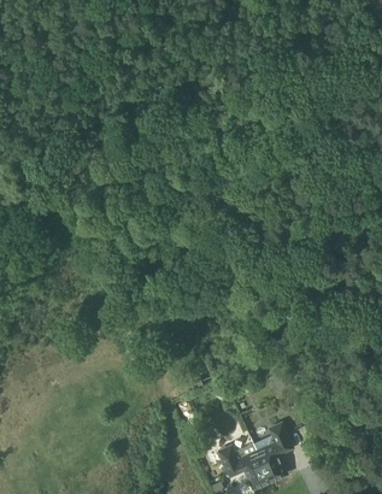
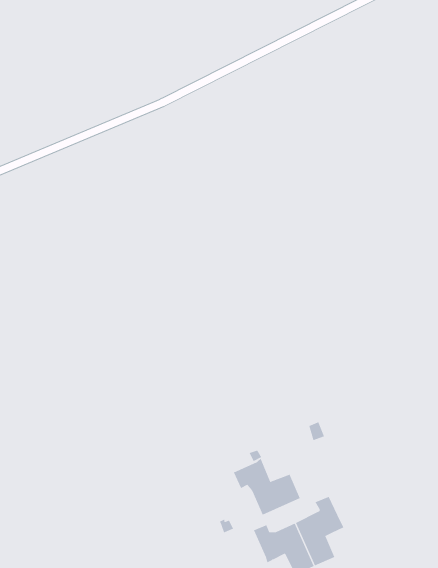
building: none -> [233,458,301,516]

